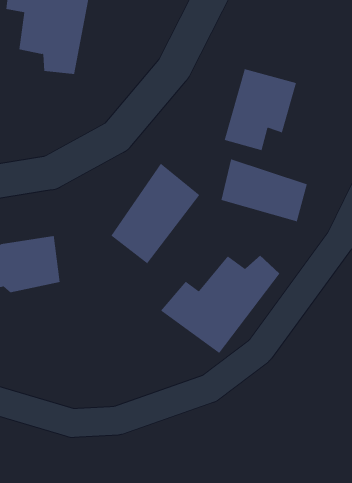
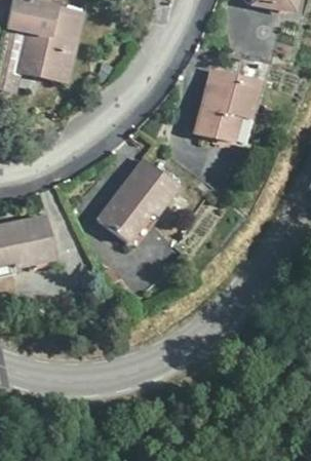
building: [221,159,307,222] -> none
building: [160,255,280,354] -> none

